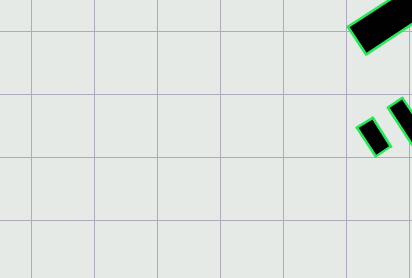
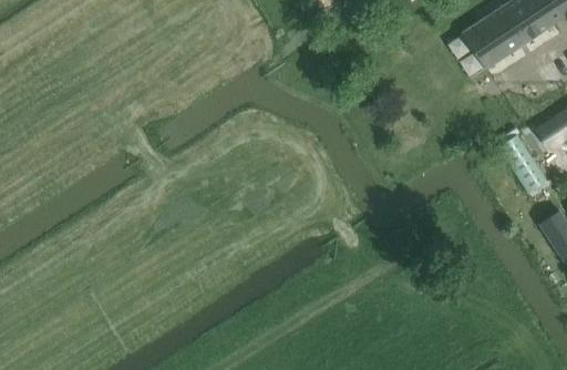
building: [357,118,391,157] -> none

